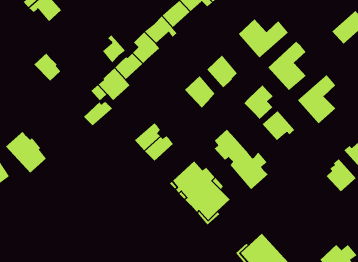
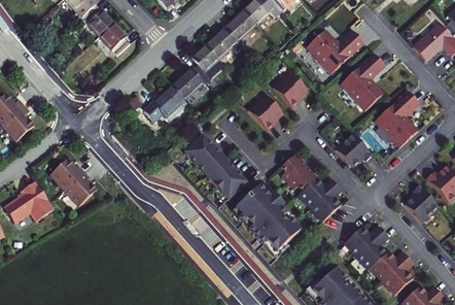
building: [102,35,126,63] -> none
building: [33,53,61,81] -> [98,22,129,54]
building: [243,85,273,120] -> none
building: [83,101,113,126] -> [182,138,215,166]
building: none -> [215,170,245,202]
building: none -> [343,225,411,291]

